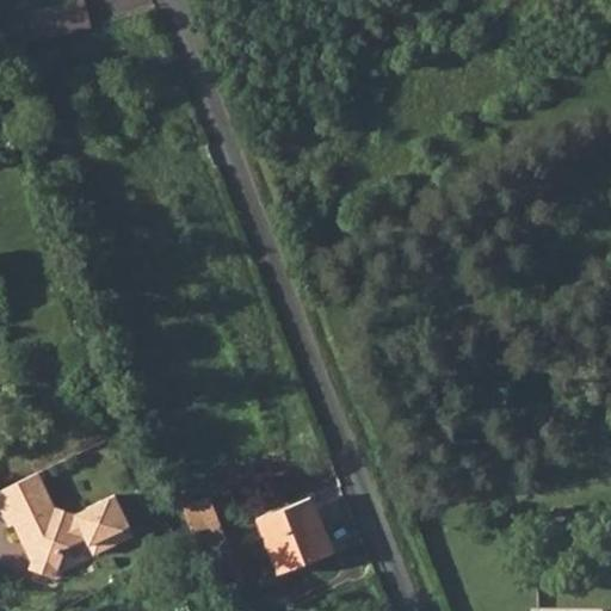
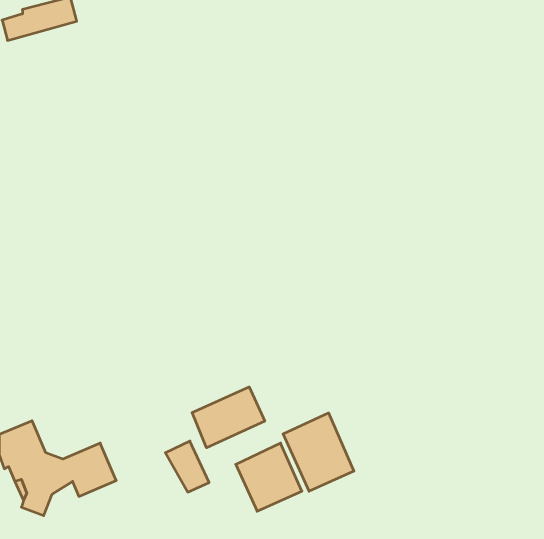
building: none -> [192,387,265,448]
building: none -> [283,413,354,491]

